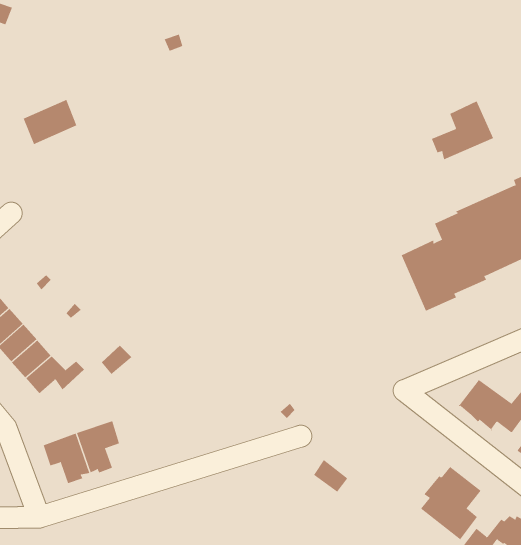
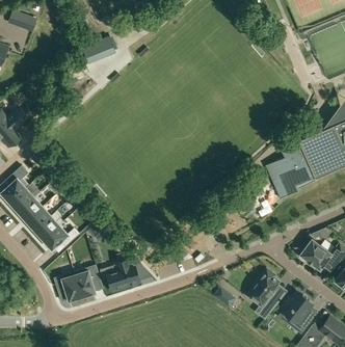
building: [23,99,77,145] -> [82,36,114,63]
building: [431,101,494,160] -> none
building: none -> [100,258,148,292]
building: none -> [253,269,281,320]

